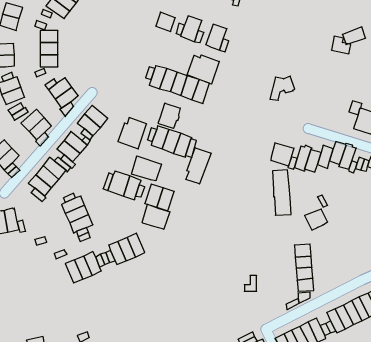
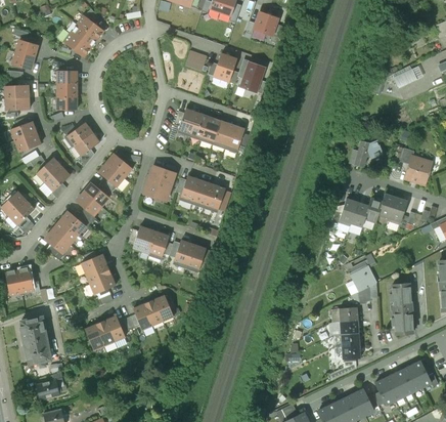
building: [187,55,219,84] -> none
building: [270,76,295,100] -> [354,139,382,166]
building: [158,103,180,128] -> none
building: [271,143,294,166] -> none
building: [186,148,211,184] -> none
building: [131,156,161,181] -> none
building: [273,170,291,215] -> [392,283,412,333]
building: [142,204,170,229] -> none
building: none -> [20,316,50,364]
building: none -> [34,376,57,398]

